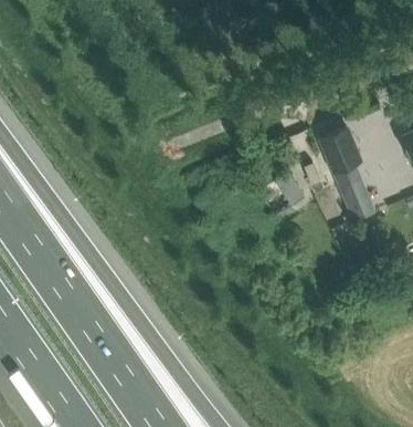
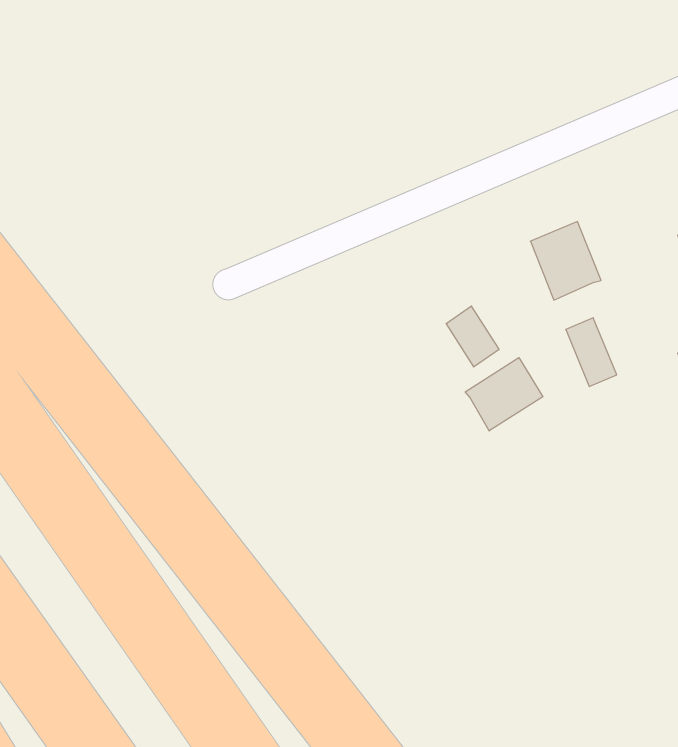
building: none -> [465,358,543,431]

